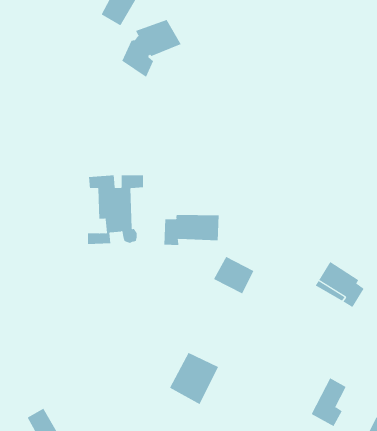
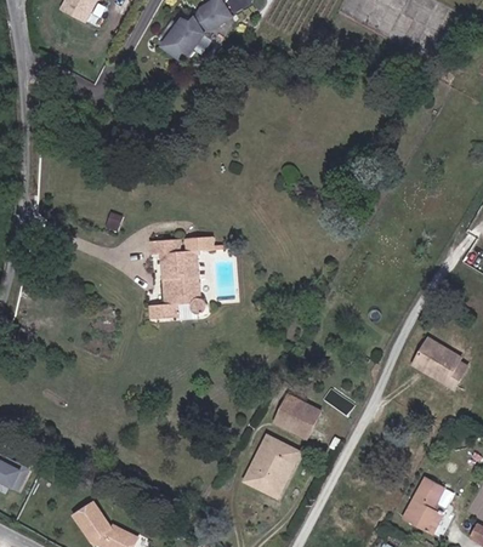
building: [121,19,182,78] -> none
building: [164,214,219,246] -> none
building: [213,256,254,294] -> [271,400,318,444]

